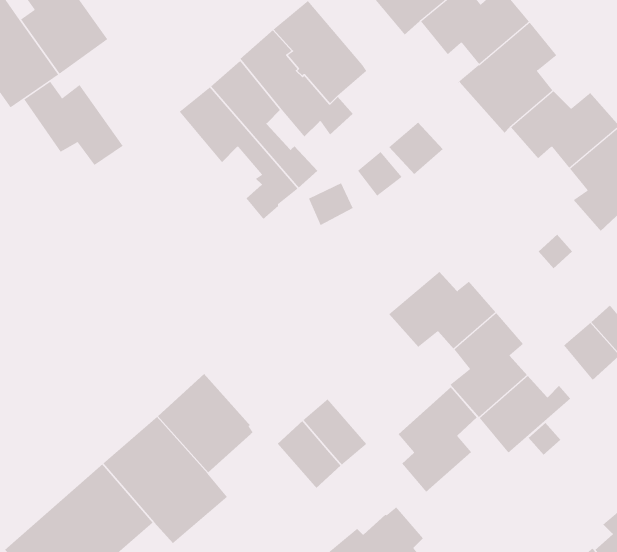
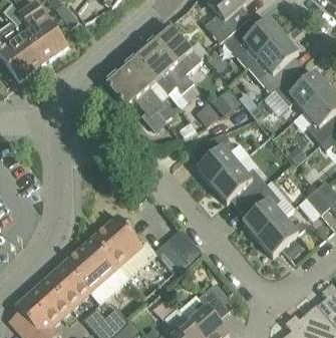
building: [23,81,123,166] -> none
building: none -> [197,132,238,185]
building: [398,387,477,492] -> none

